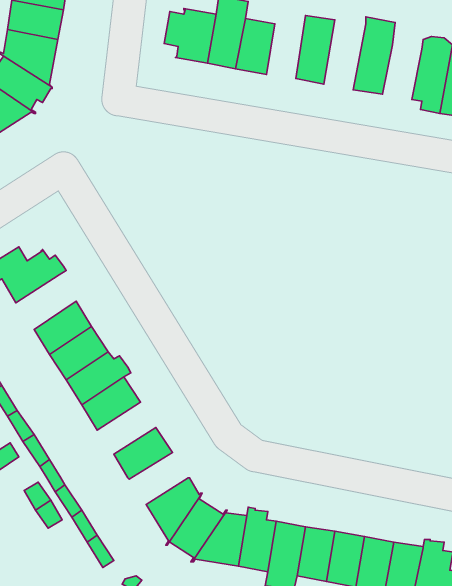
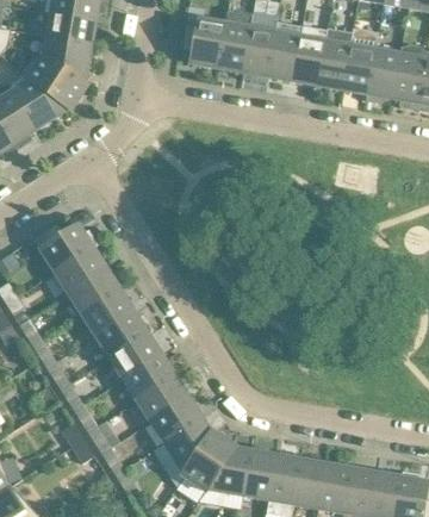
building: none -> [267,23,300,80]
building: none -> [316,29,352,89]
building: none -> [365,51,399,104]
building: none -> [54,243,105,293]
building: none -> [123,355,173,399]
building: none -> [150,398,200,442]

